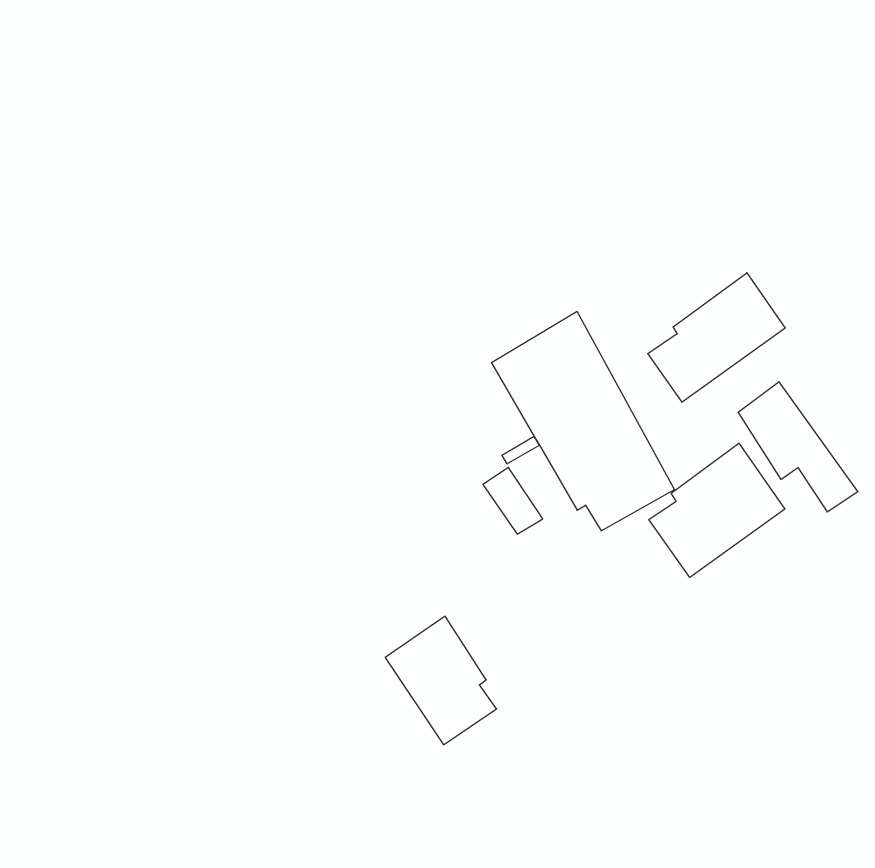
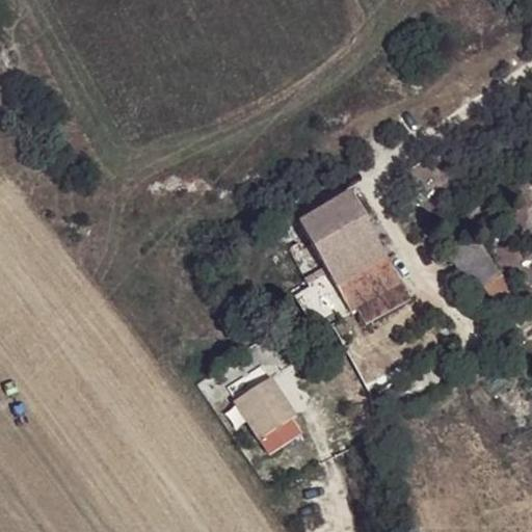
building: [648,273,785,402] -> none
building: [649,443,785,577] -> none

